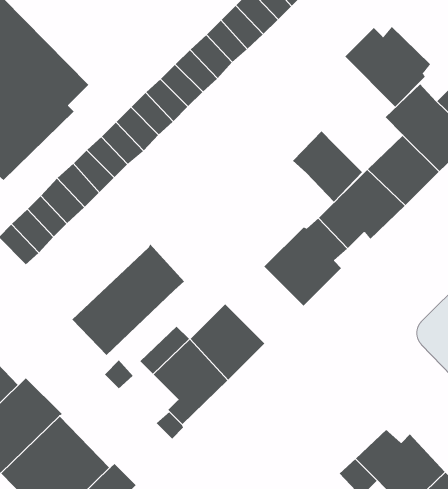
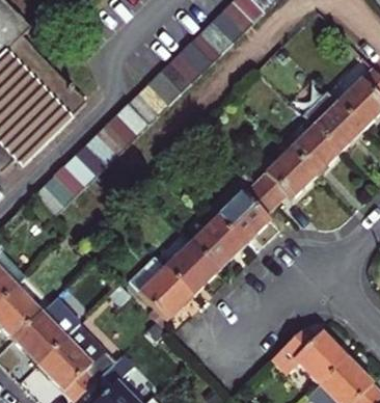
building: [344,26,431,107] -> none
building: [292,131,363,202] -> none
building: [72,244,185,356] -> none
building: none -> [189,218,244,272]

